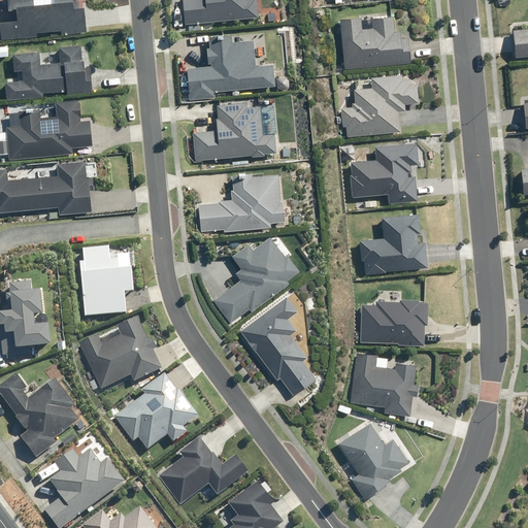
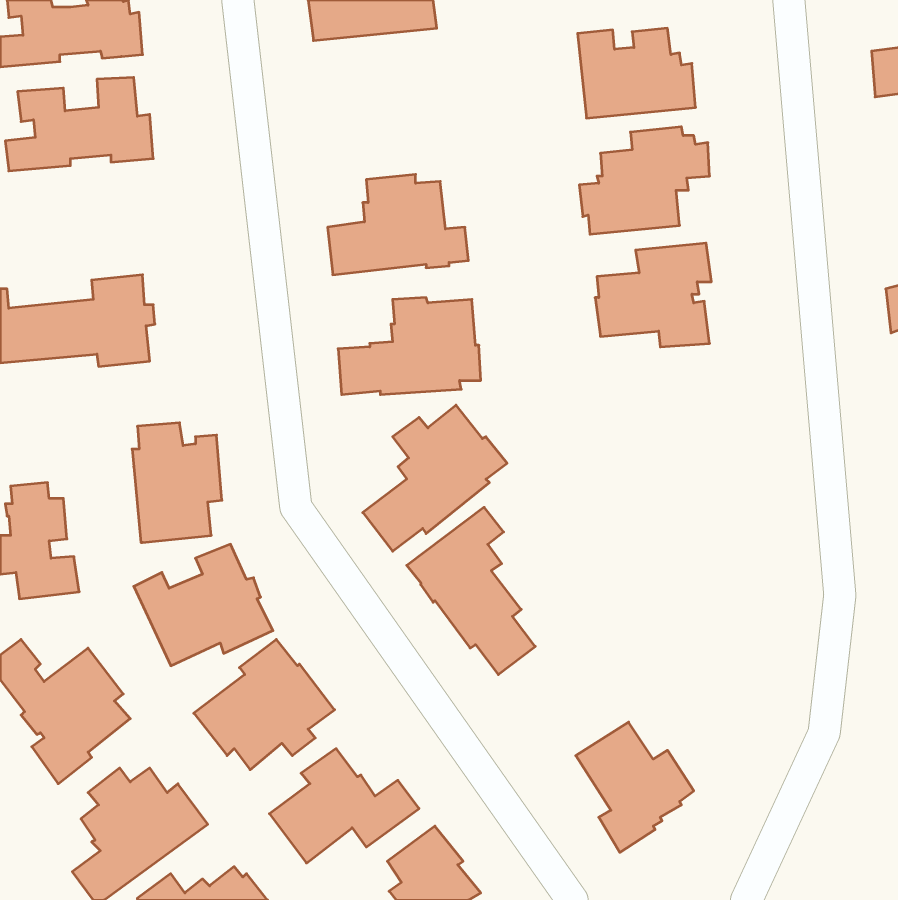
building: [187,35,274,100] -> none
building: [5,100,91,160] -> none
building: [359,213,426,274] -> none
building: [360,299,427,346] -> none
building: [350,353,417,416] -> none

